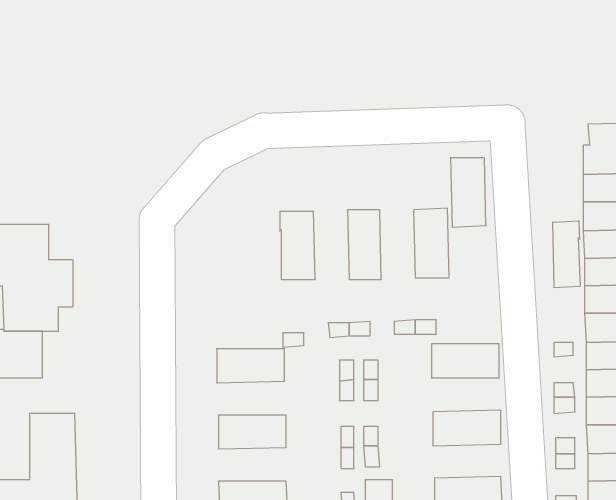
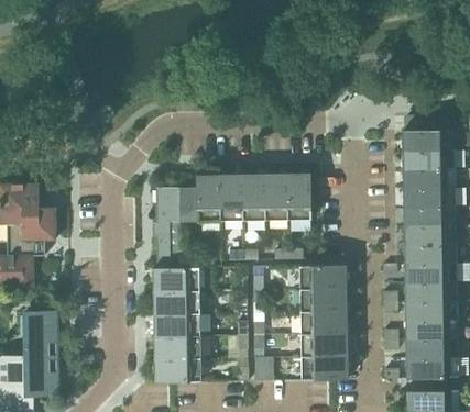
building: [450,158,486,227] -> [264,174,288,221]
building: none -> [219,174,243,221]
building: [553,221,580,288] -> none
building: none -> [155,187,197,268]
building: none -> [299,288,347,311]
building: none -> [153,290,200,313]
building: none -> [300,333,347,356]
building: none -> [154,335,200,358]

